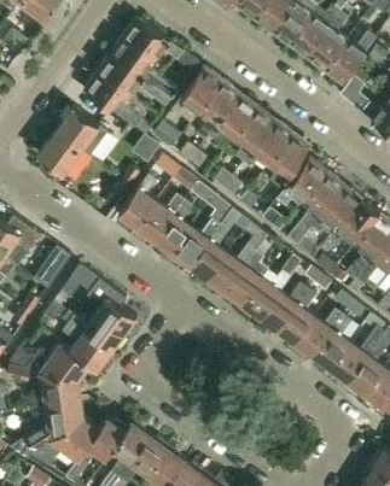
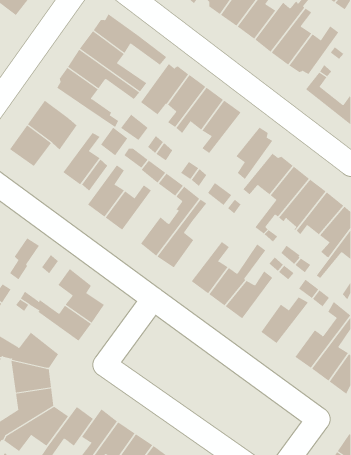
building: [243,121,293,169] -> none
building: [153,200,192,254] -> [63,132,100,185]
building: [206,221,267,293] -> none
building: [277,289,315,345] -> none
building: [312,315,350,370] -> none
building: [59,324,109,373] -> none

